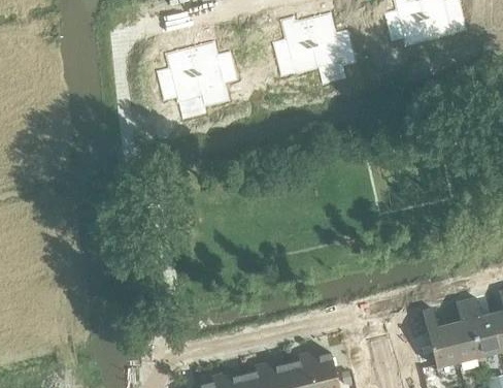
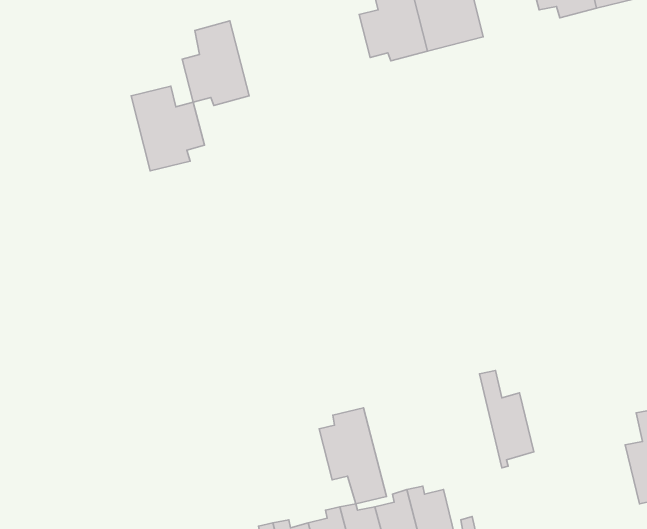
building: [193,42,240,97] -> [131,86,204,171]
building: none -> [319,408,386,504]
building: [423,309,458,371] -> [480,371,534,468]

